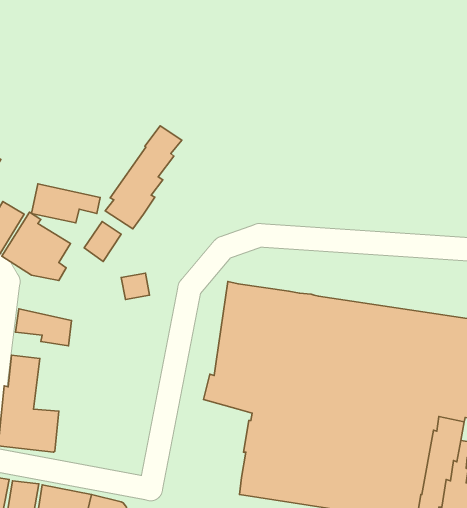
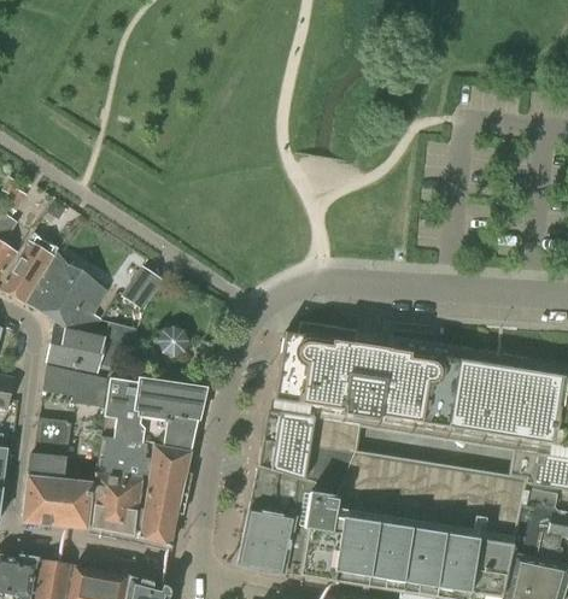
building: [105,126,182,229] -> none
building: [32,184,100,223] -> [48,327,127,371]
building: none -> [90,376,205,545]
building: none -> [239,468,298,572]

